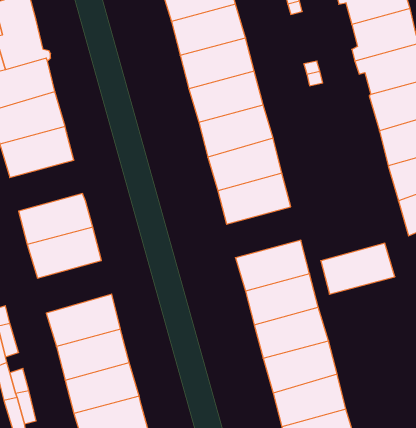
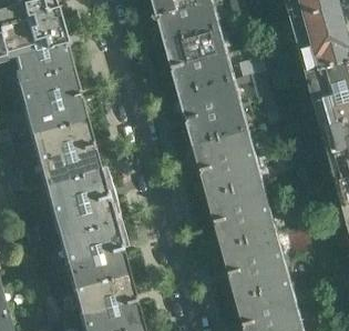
building: none -> [37,123,92,162]
building: [321,243,395,294] -> [202,159,258,198]
building: none -> [58,200,114,240]

